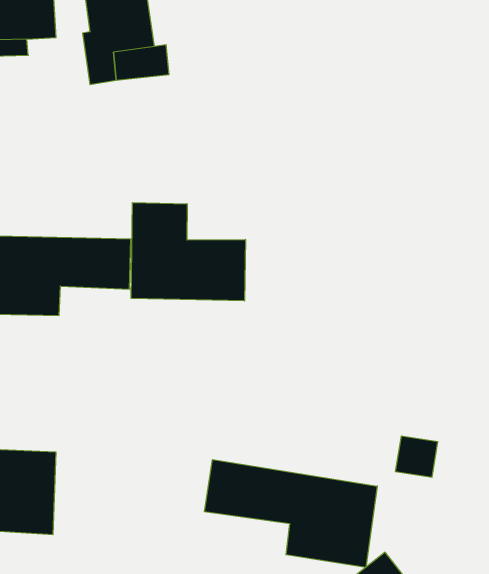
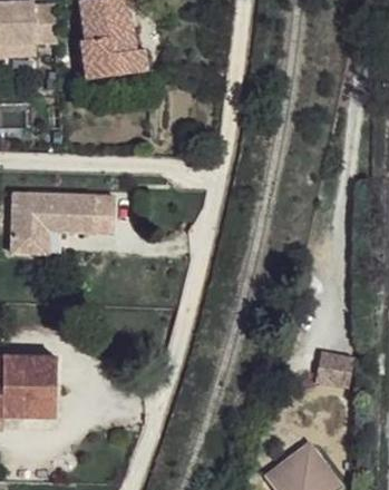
building: [131,203,245,301] -> none
building: [204,460,377,567] -> none

